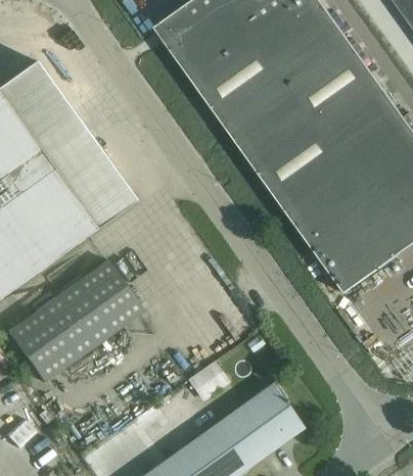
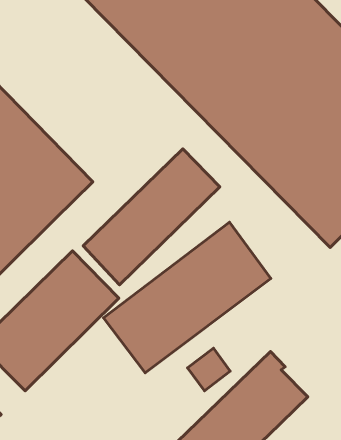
building: none -> [83,149,220,285]
building: none -> [104,222,271,373]

